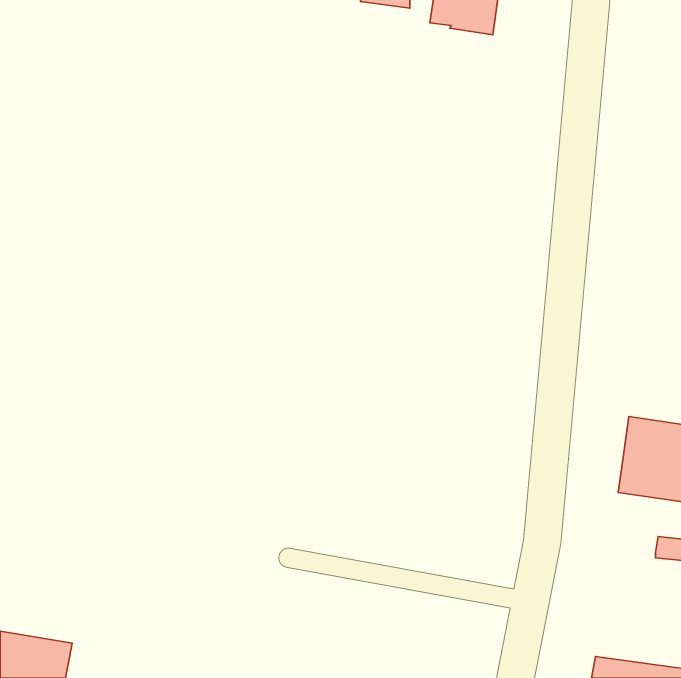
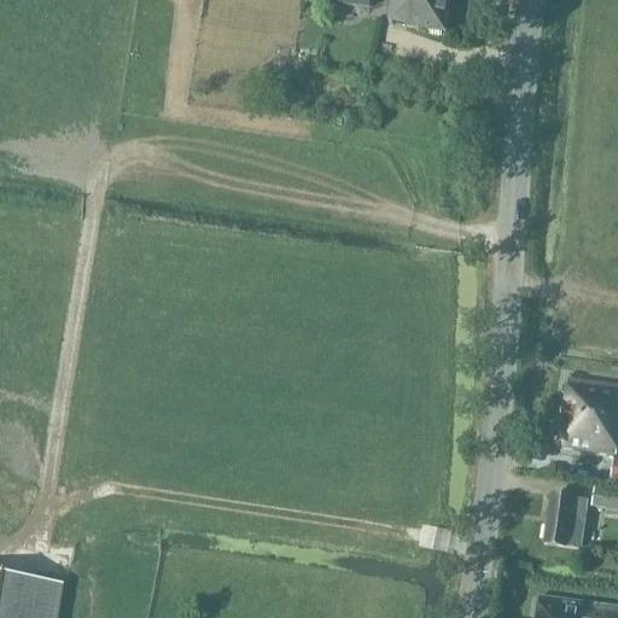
building: none -> [547,494,589,548]

